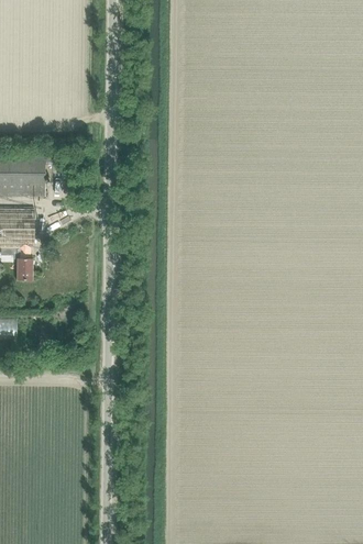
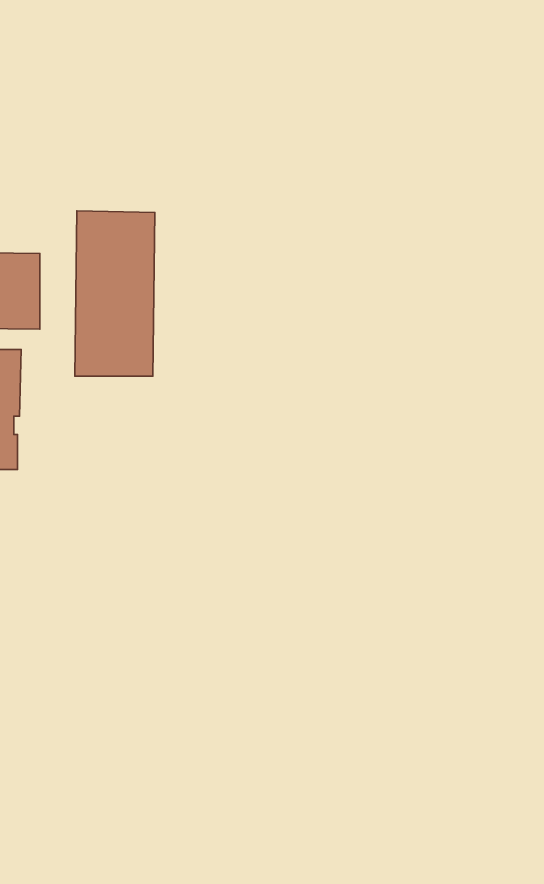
building: none -> [75,211,155,376]

